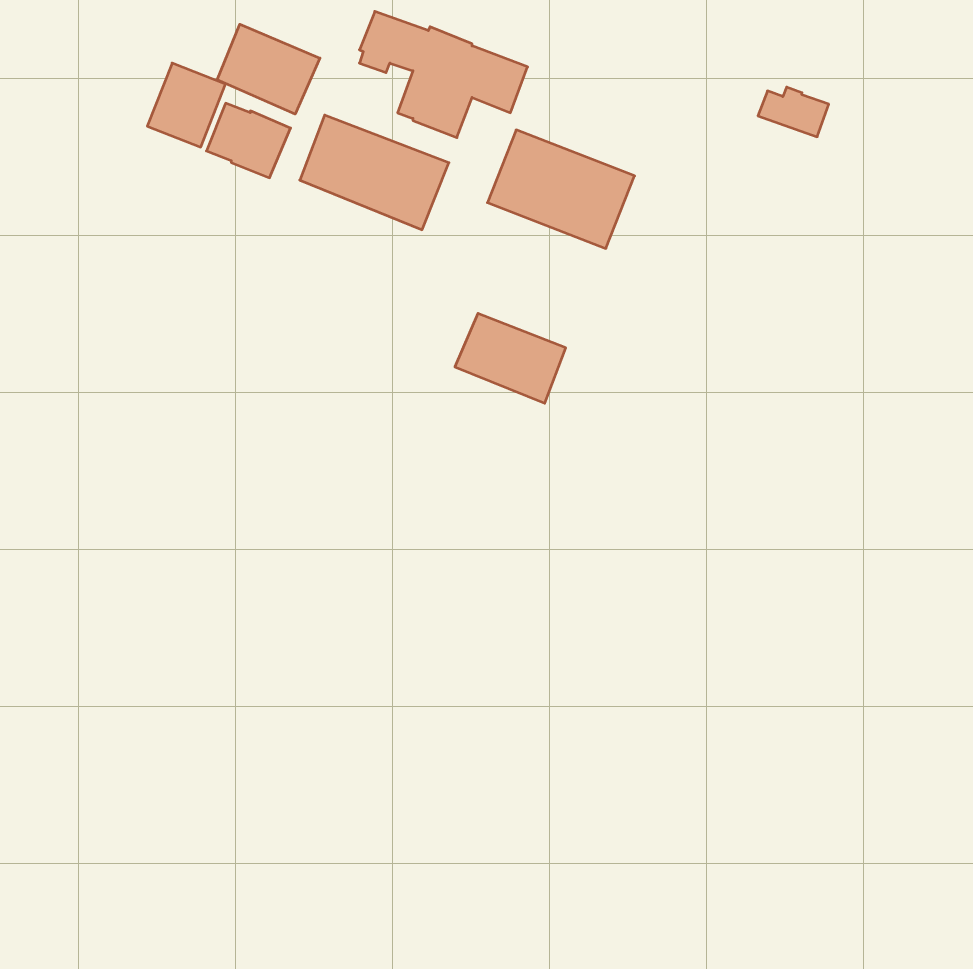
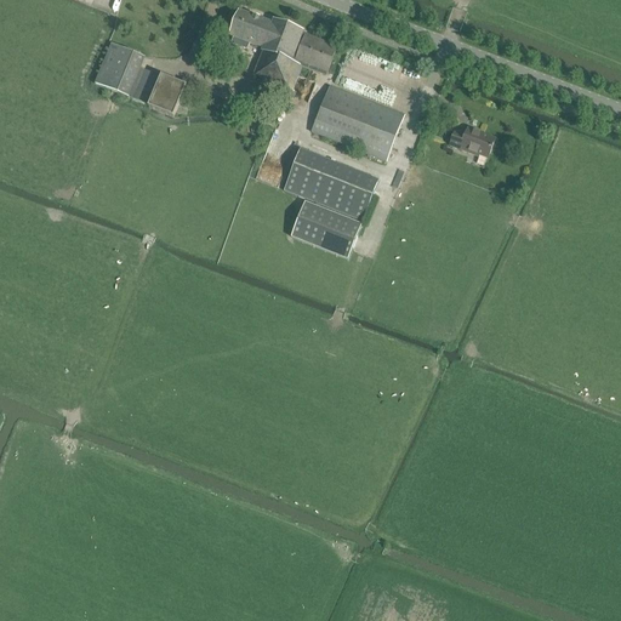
building: [217,24,320,114] -> none
building: [758,87,829,137] -> [448,124,492,155]
building: [300,115,449,230] -> [283,146,377,218]

